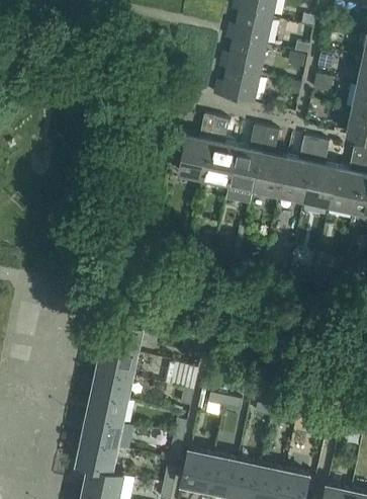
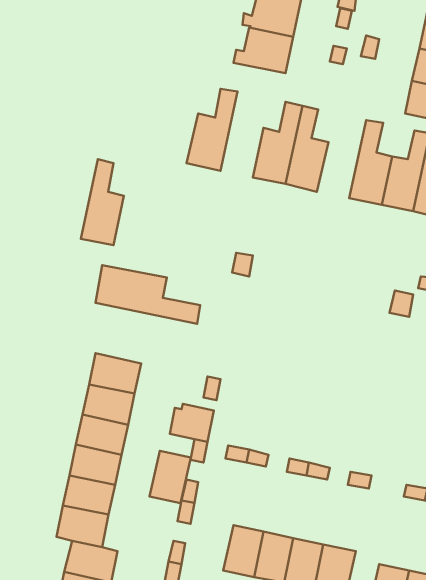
building: [203,118,237,185] -> [81,159,124,245]
building: [278,138,316,201] -> none
building: none -> [96,265,200,324]
building: [181,450,213,491] -> [149,451,191,503]

